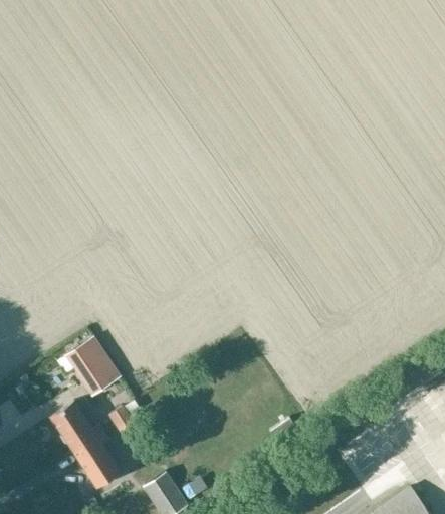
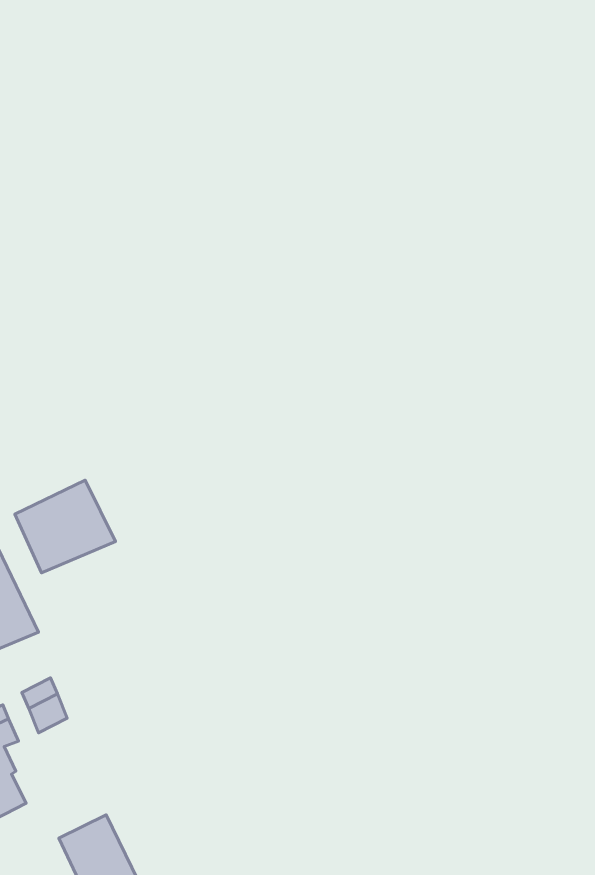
building: none -> [15,480,115,573]

